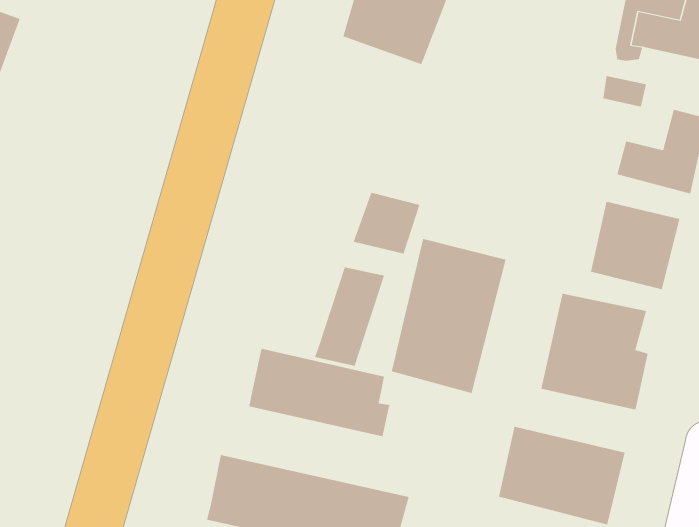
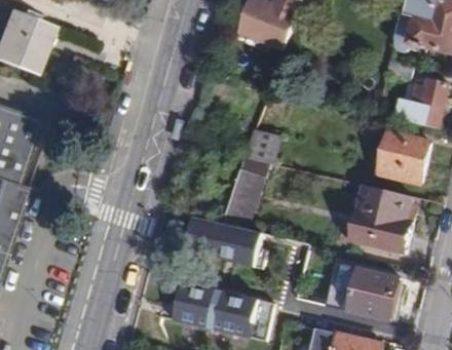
building: [391,238,506,394] -> none

